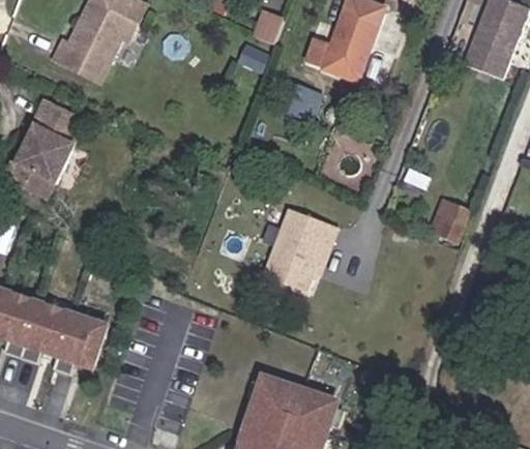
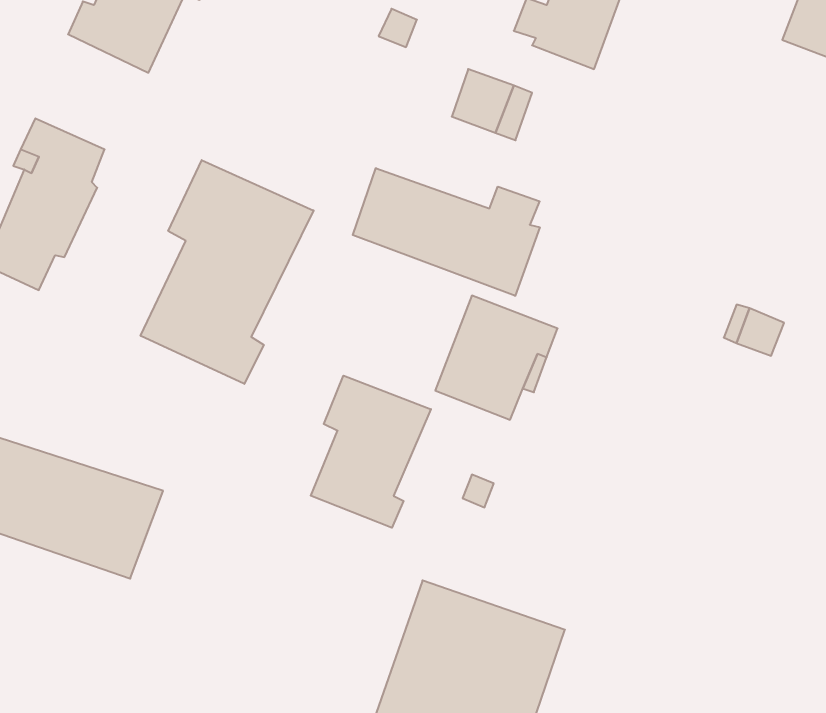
building: none -> [141,160,314,384]
building: none -> [353,168,540,296]
building: none -> [311,376,431,528]

